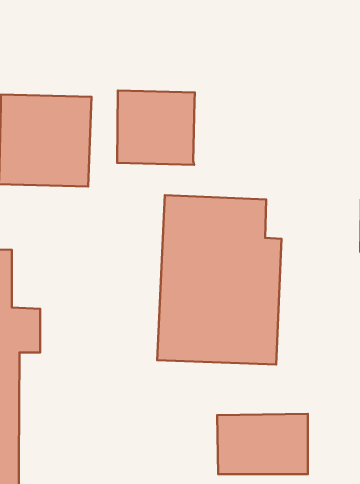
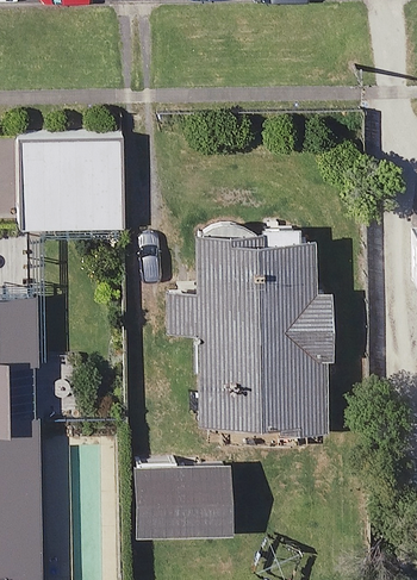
building: [117,91,195,165] -> none
building: [217,414,308,474] -> [137,472,236,537]

